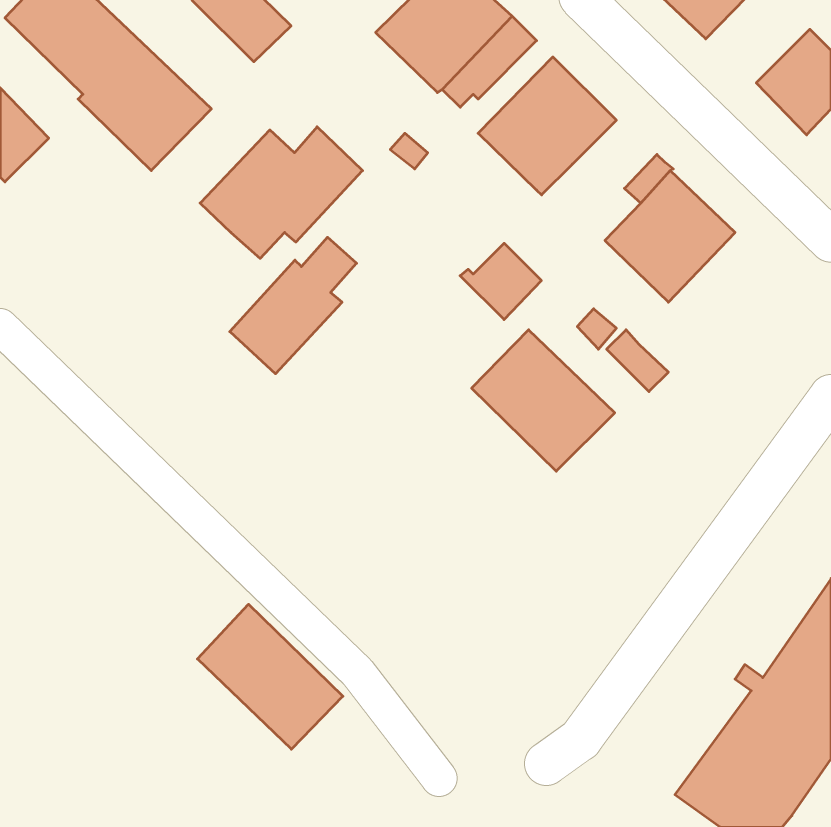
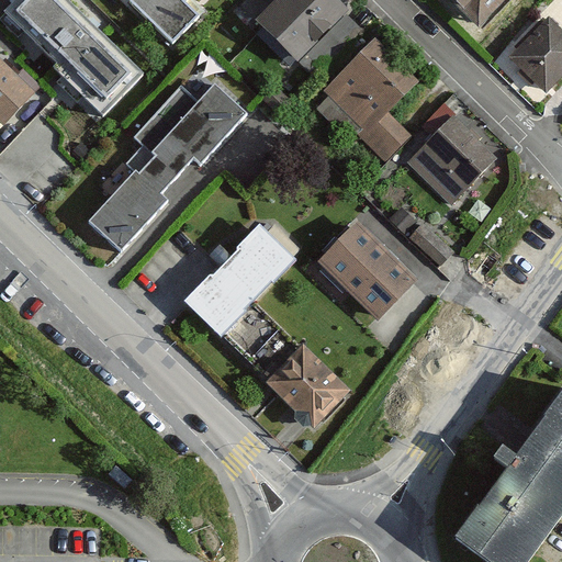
building: [230,237,357,374] -> [90,157,176,249]
building: [460,243,541,320] -> [357,111,412,162]
building: none -> [182,224,348,427]
building: [197,604,343,749] -> none

